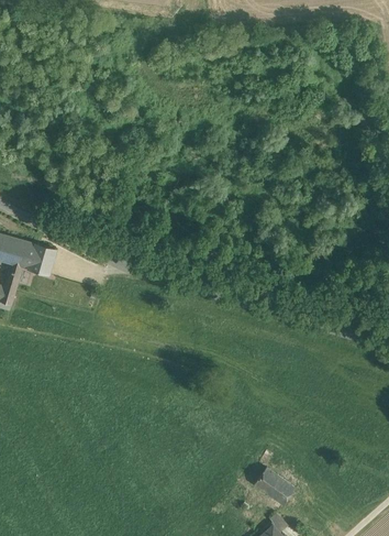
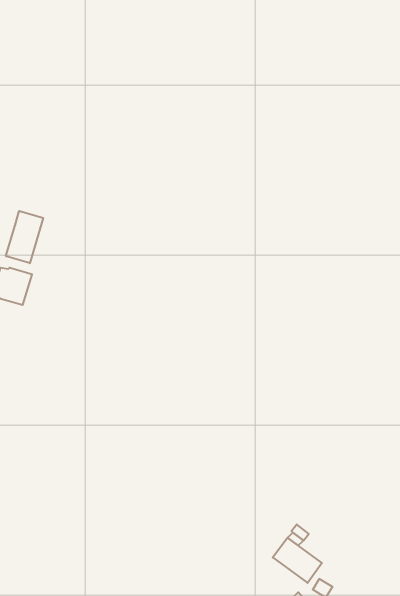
building: none -> [6,211,43,263]

